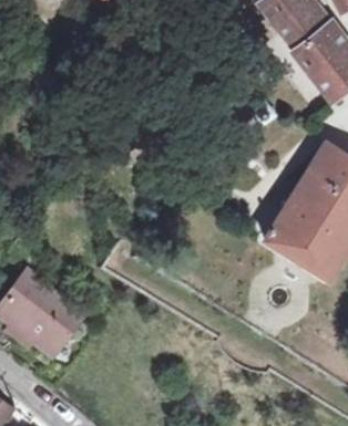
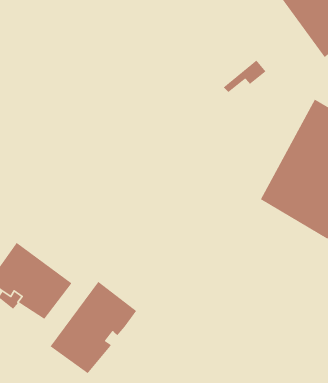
building: none -> [50,281,137,374]

